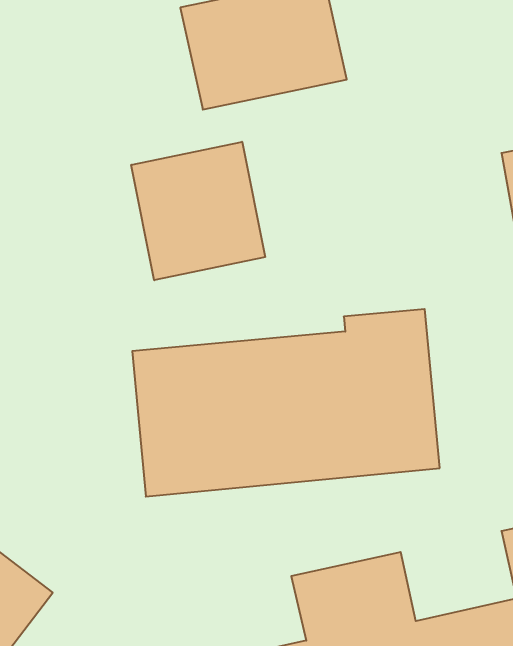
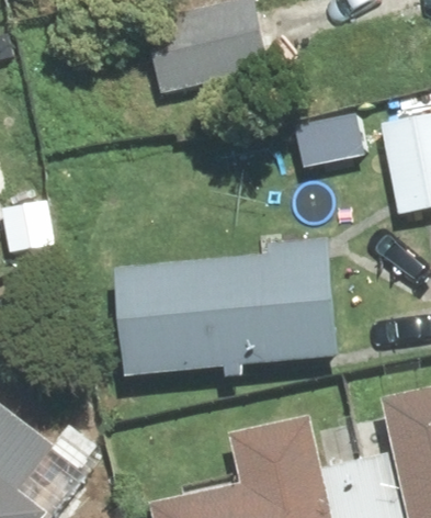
building: [131,142,265,280] -> none

